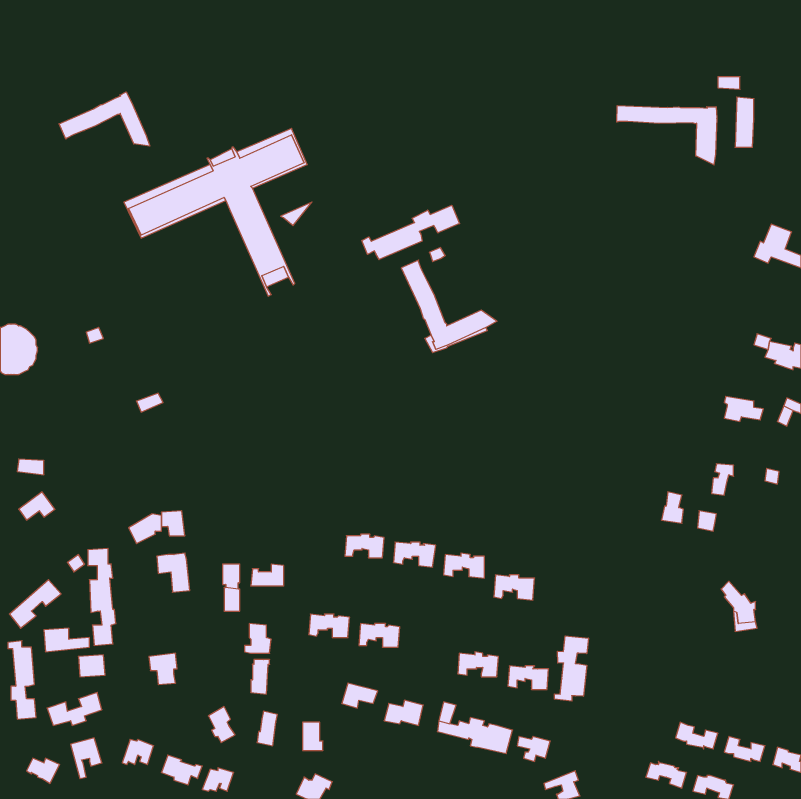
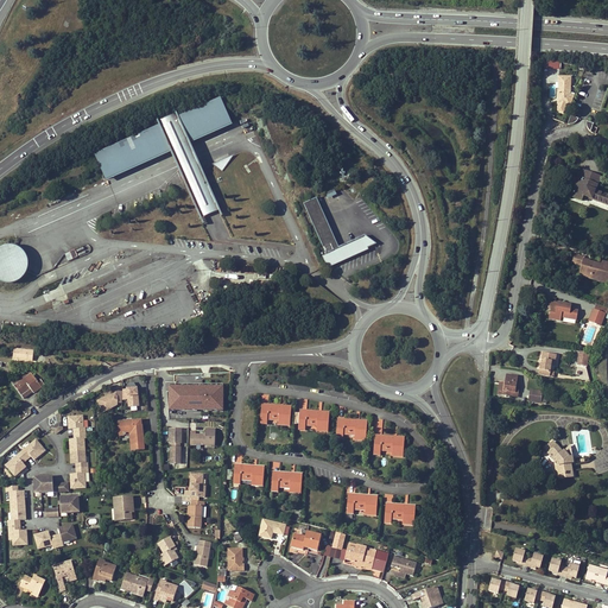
building: [59,92,150,146] -> none
building: [617,106,717,165] -> none
building: [362,205,460,260] -> none
building: none -> [169,386,224,411]
building: [554,636,588,701] -> none

